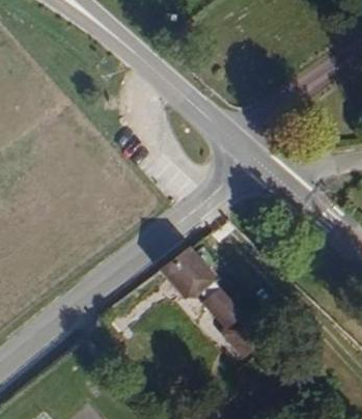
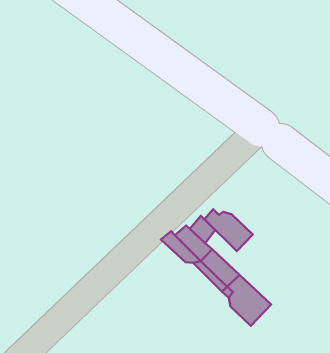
building: none -> [204,209,253,251]

